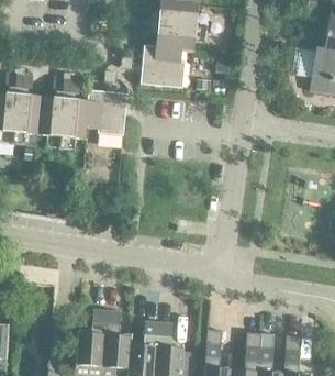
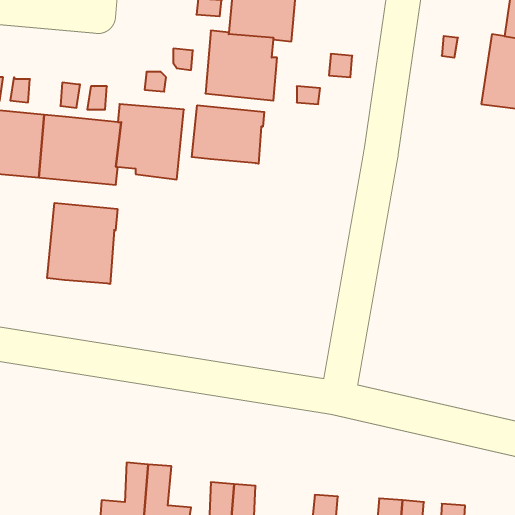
building: none -> [192,105,264,164]
building: none -> [47,203,117,284]

